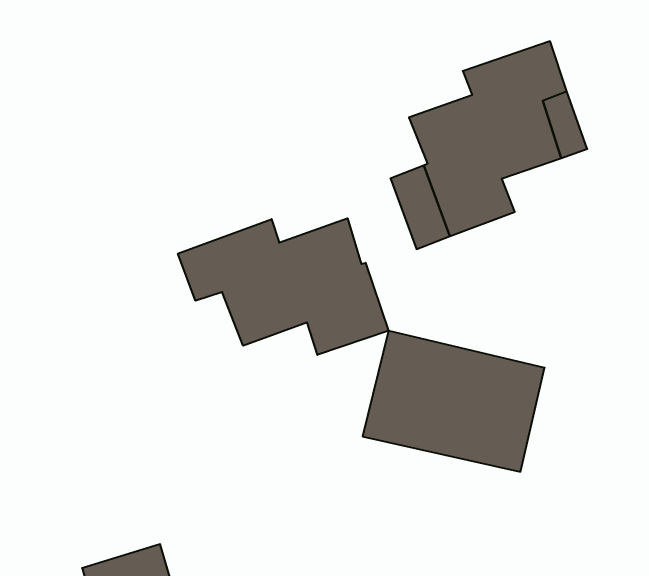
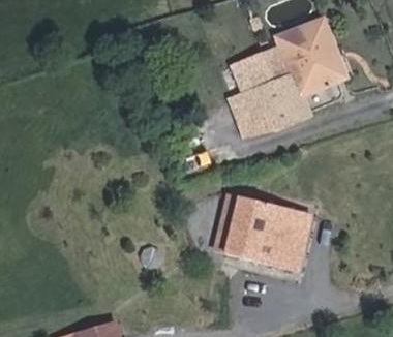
building: [178,218,389,355] -> none

